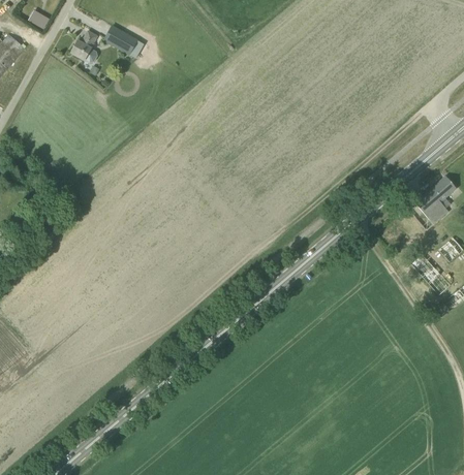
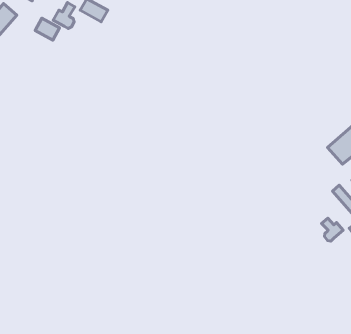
building: none -> [35,18,59,40]
building: none -> [322,218,343,241]

